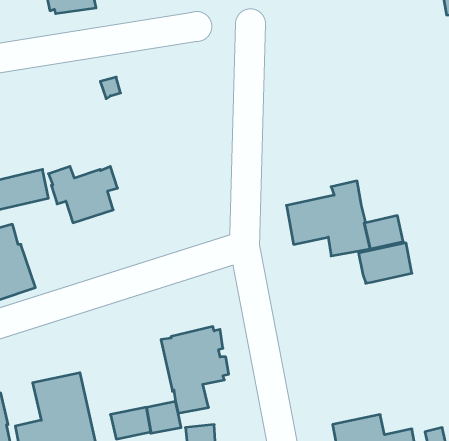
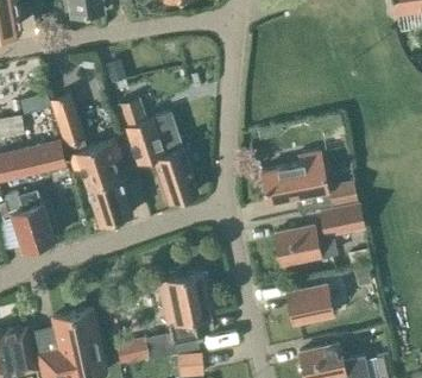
building: none -> [50,93,84,145]
building: none -> [118,97,199,202]
building: none -> [86,175,132,225]
building: none -> [275,225,338,265]
building: none -> [286,284,333,325]

